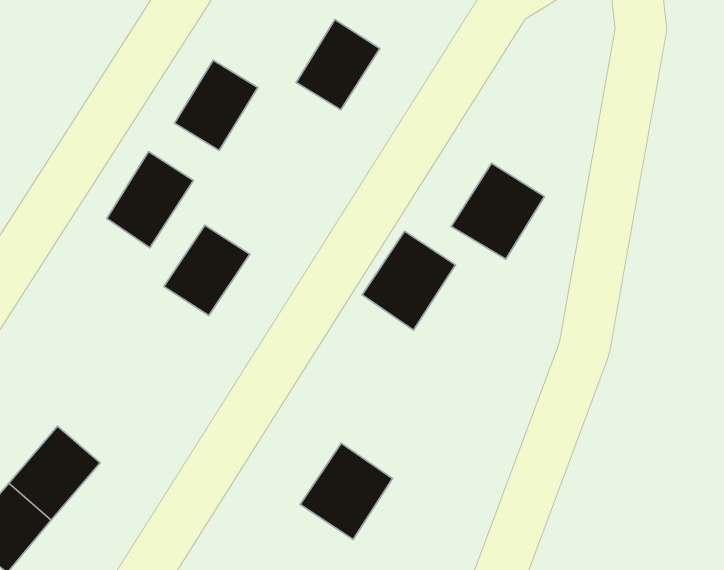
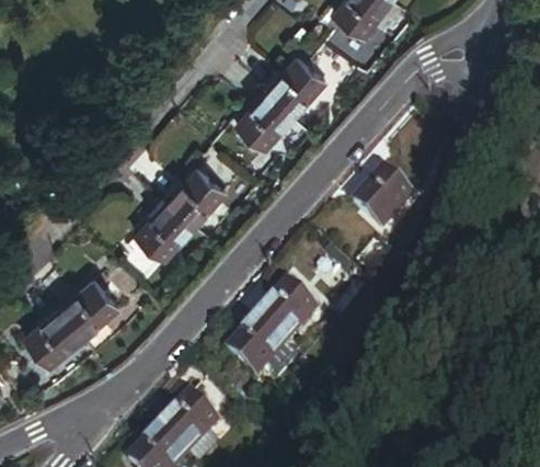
building: [174,60,258,150] -> [240,95,294,150]
building: [107,151,193,248] -> [138,205,194,263]
building: [362,231,456,330] -> [261,283,320,343]

